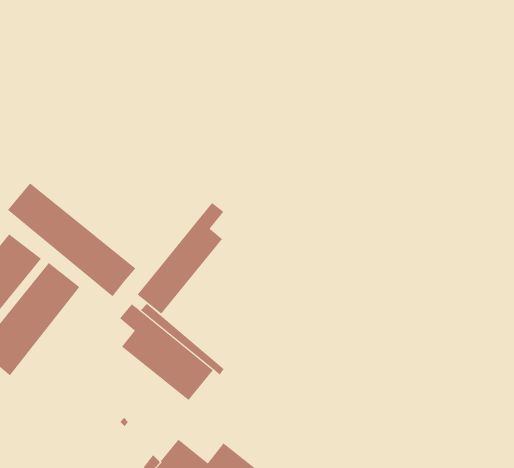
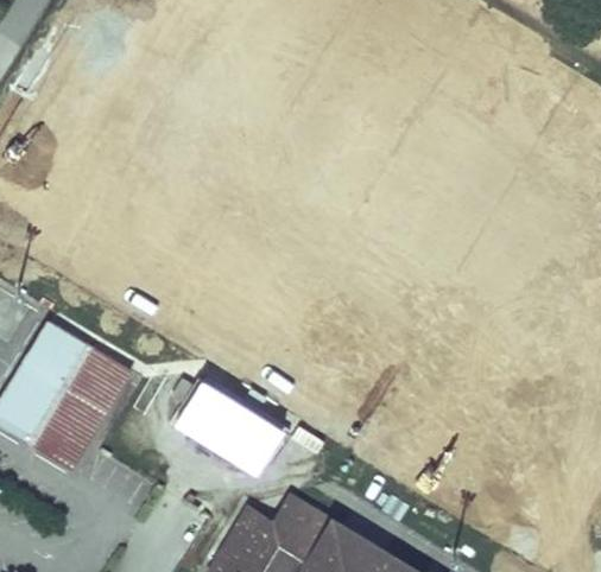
building: [7,183,136,297] -> none
building: [137,202,224,314] -> none

